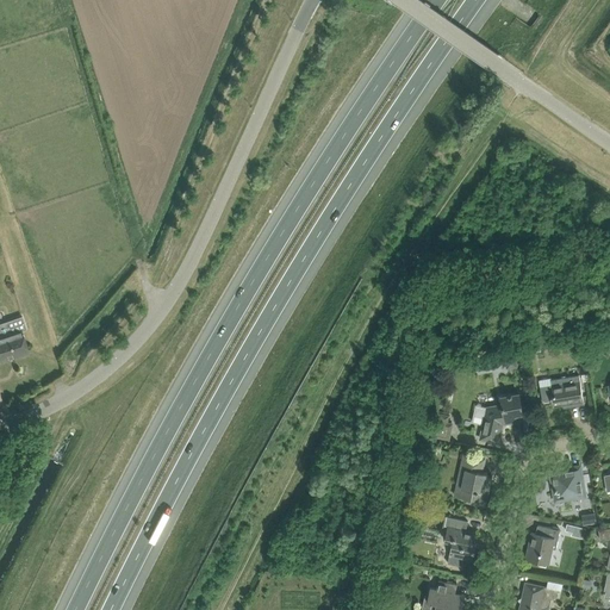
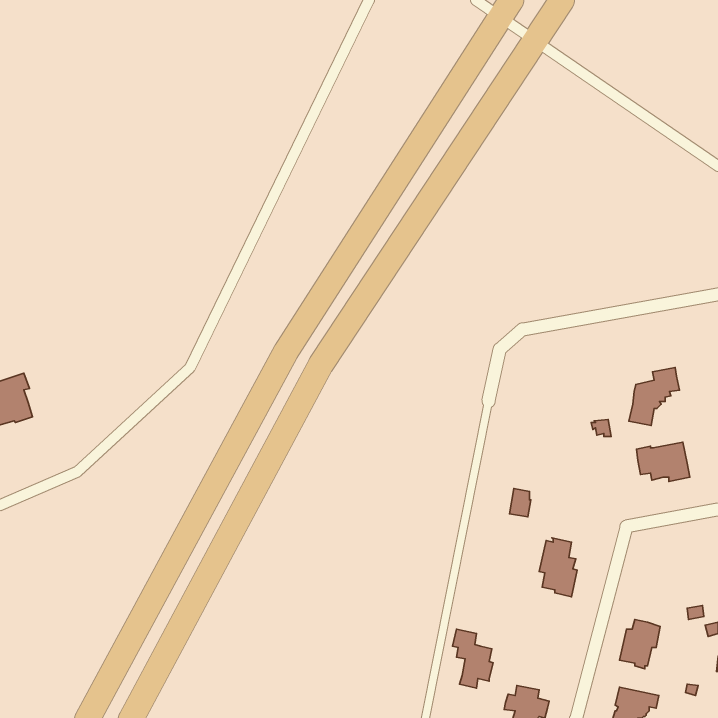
building: [479,394,522,443] -> [629,368,679,425]
building: [550,468,584,500] -> none
building: [441,517,475,567] -> [452,629,493,688]

